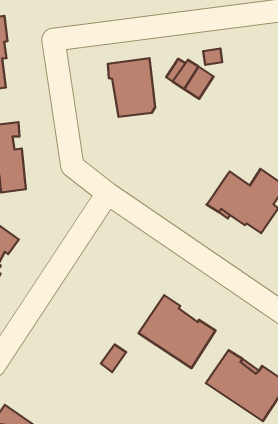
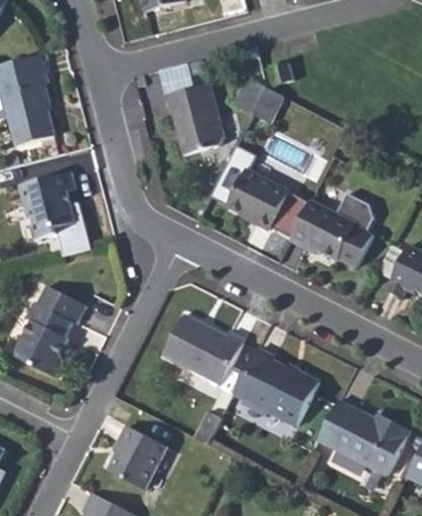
building: none -> [212,142,312,238]
building: none -> [163,314,244,384]
building: none -> [109,423,167,487]

